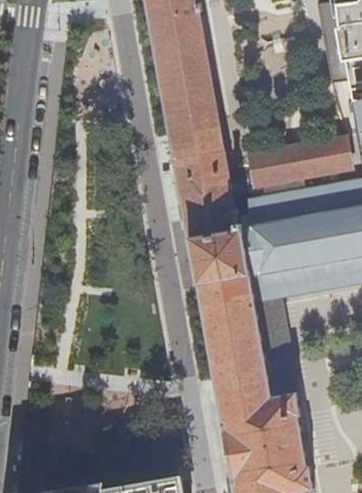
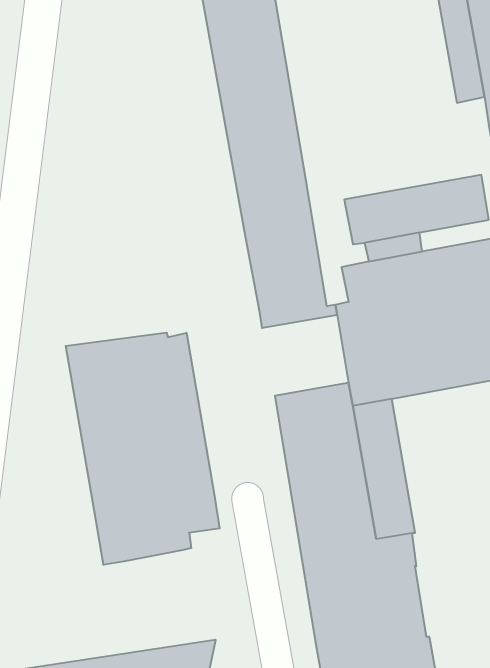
building: [191,239,253,297] -> none
building: none -> [66,333,220,565]

